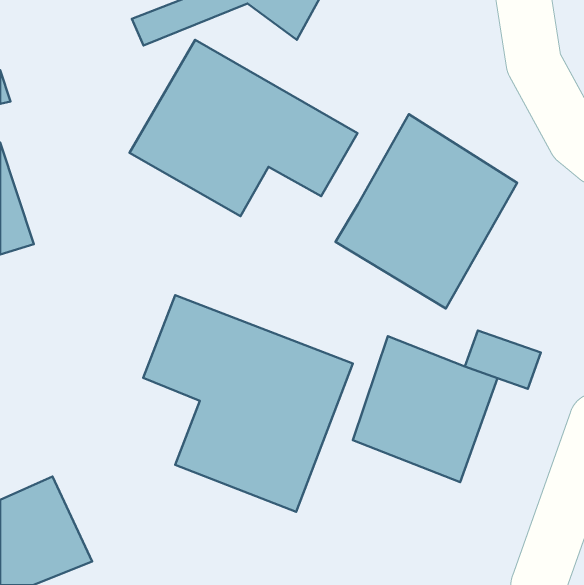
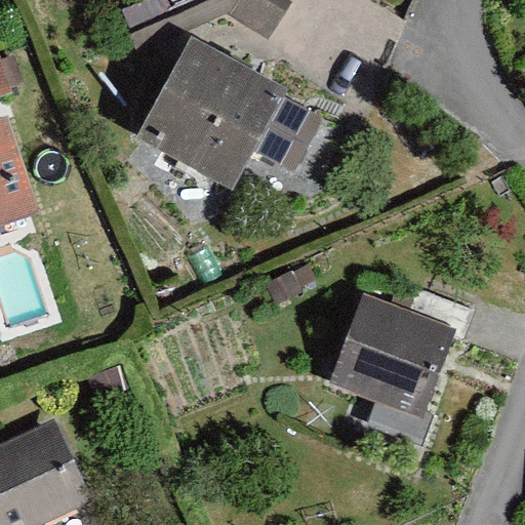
building: [335,114,517,309] -> none
building: [143,295,353,512] -> none

